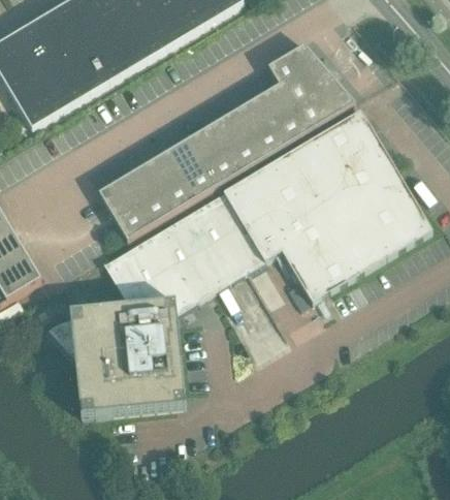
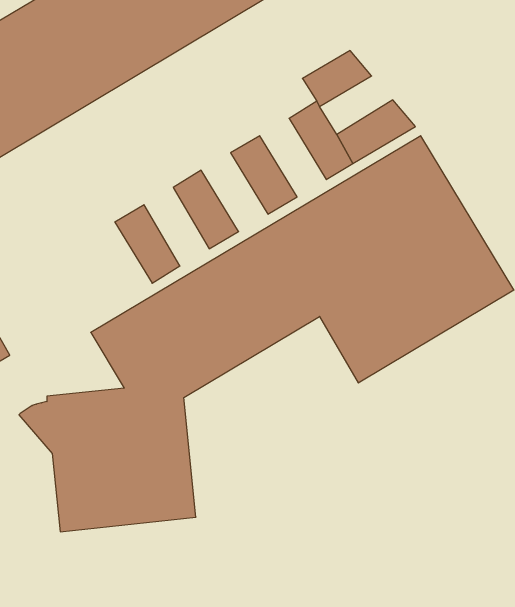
building: [281,63,338,108] -> none
building: [234,96,286,157] -> none
building: [189,123,240,184] -> none
building: [144,150,195,211] -> none
building: [98,177,151,239] -> none

